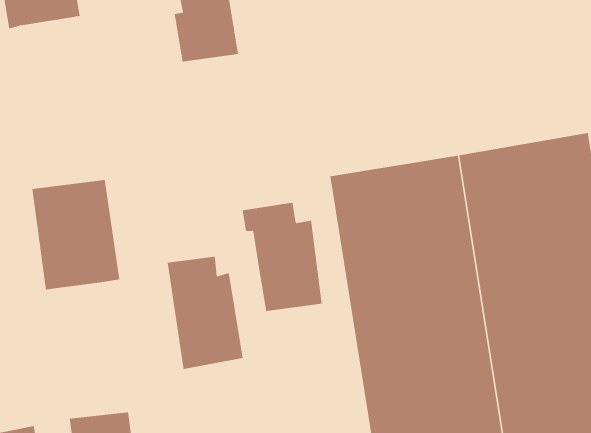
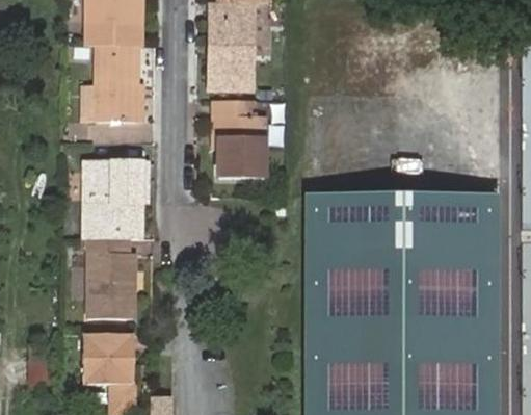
building: none -> [97,44,138,120]
building: [242,202,322,312] -> [215,101,265,179]
building: [167,256,244,369] -> [88,240,134,320]

